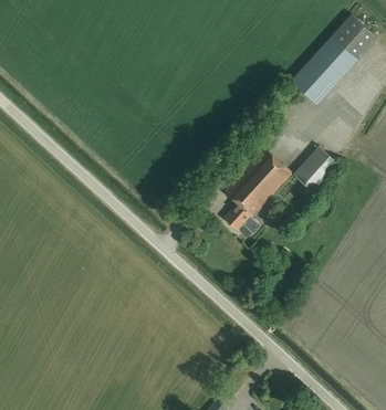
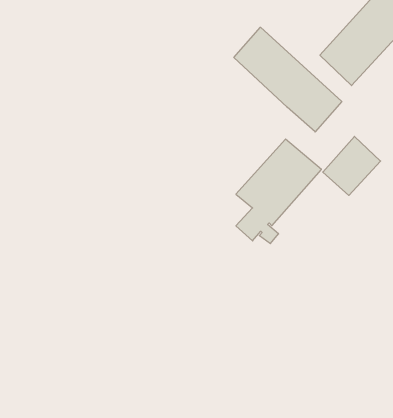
building: none -> [234,27,342,132]

